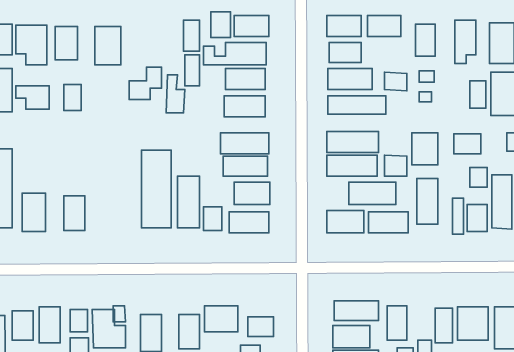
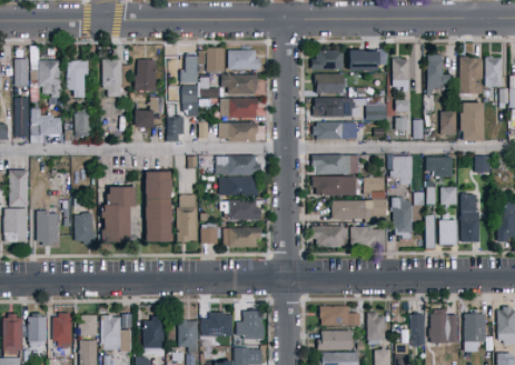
building: none -> [136,59,156,90]
building: none -> [103,187,133,241]

